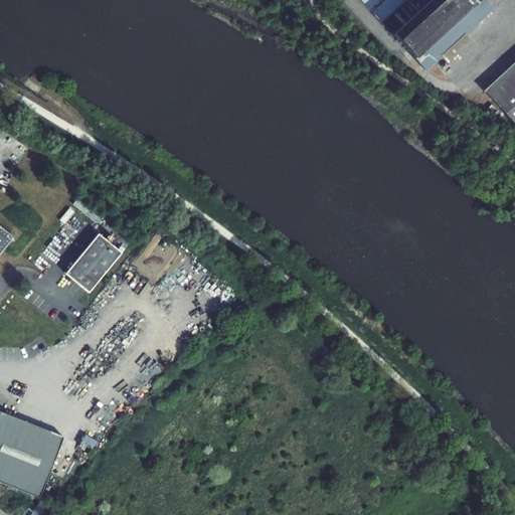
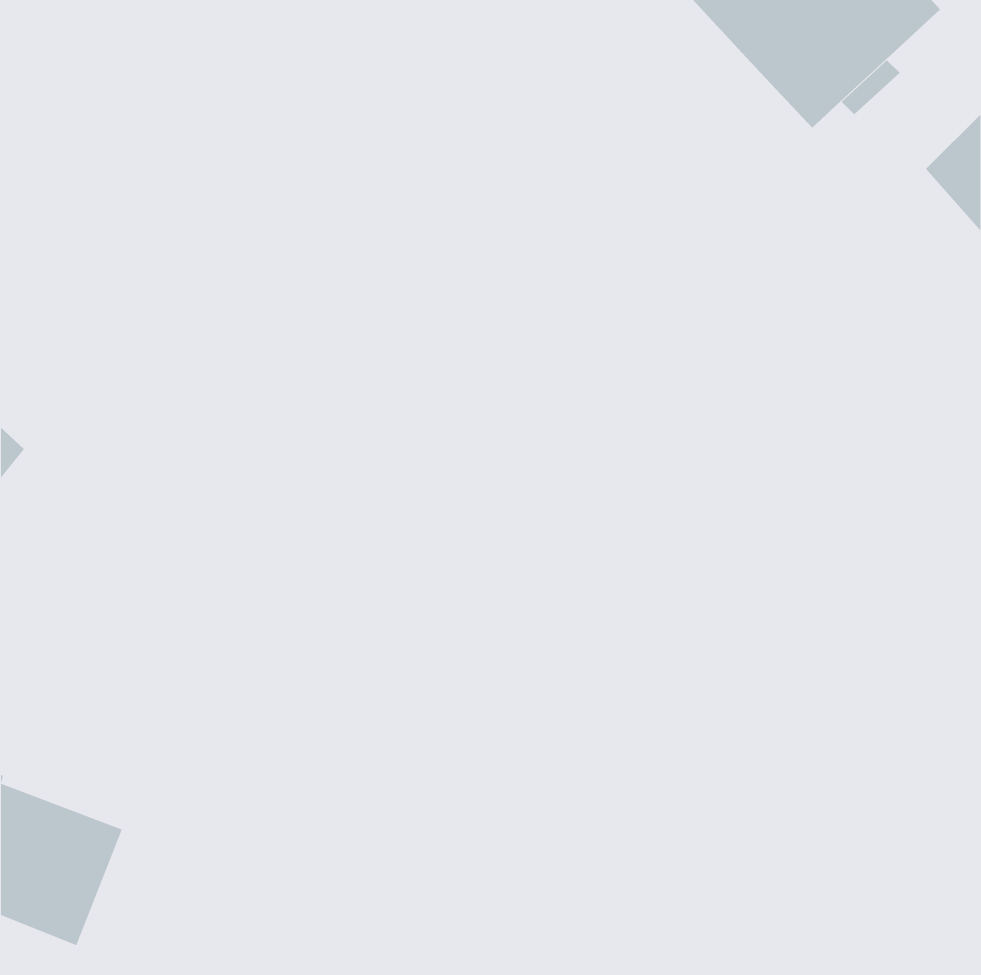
building: [65,227,125,291] -> none

